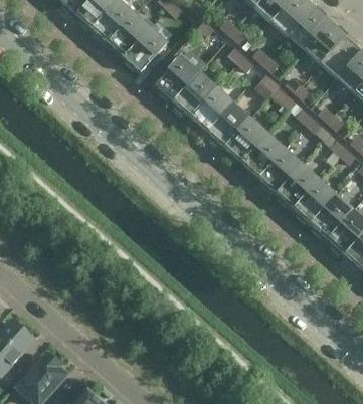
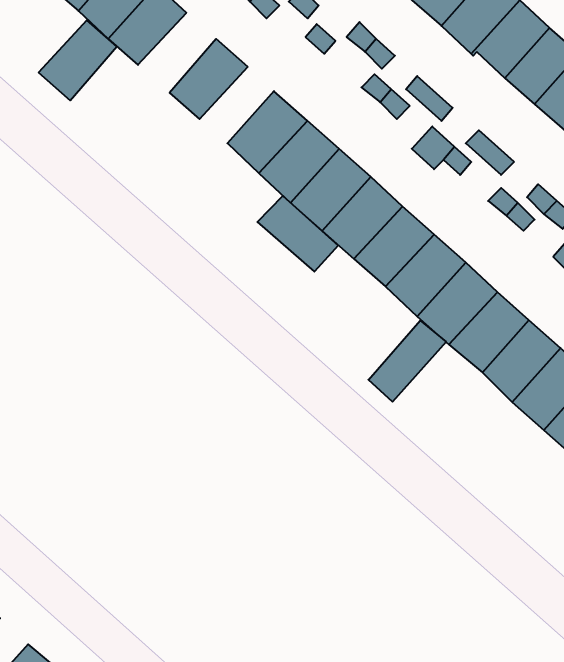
building: [108,14,150,57] -> [39,20,117,100]
building: none -> [257,196,338,272]
building: none -> [368,320,446,402]

